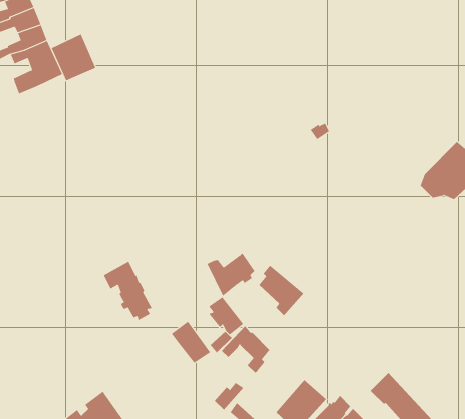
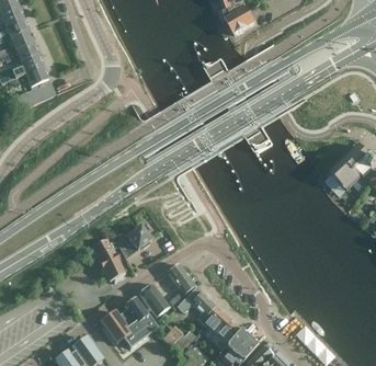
building: [51,34,96,81] -> none
building: [207,252,256,297] -> [113,224,150,258]
building: [258,265,304,316] -> [205,305,240,344]
building: none -> [100,295,157,344]

